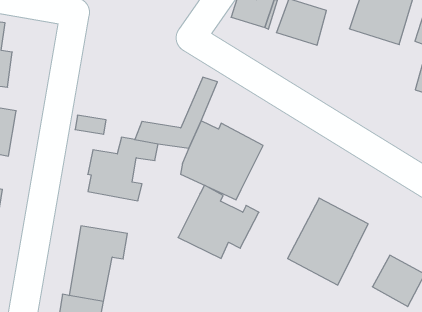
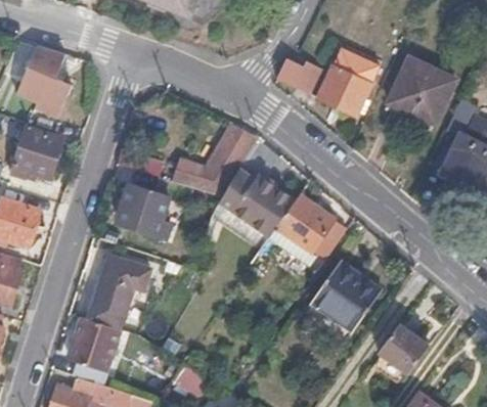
building: [178,185,259,258] -> [265,194,345,266]

